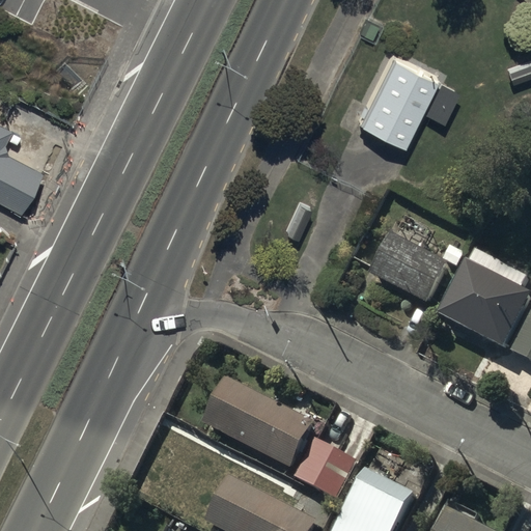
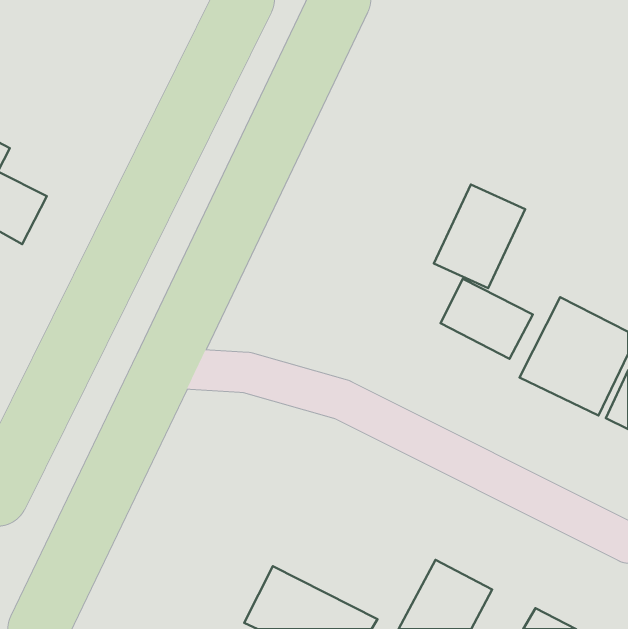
building: [360,50,437,137] -> [434,184,525,288]
building: [204,380,315,469] -> none
building: [296,440,355,498] -> none

